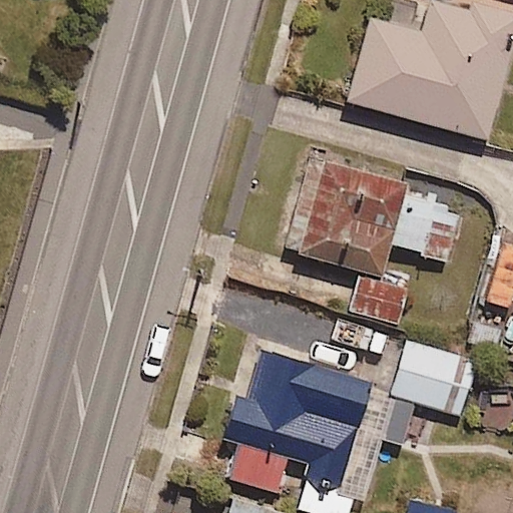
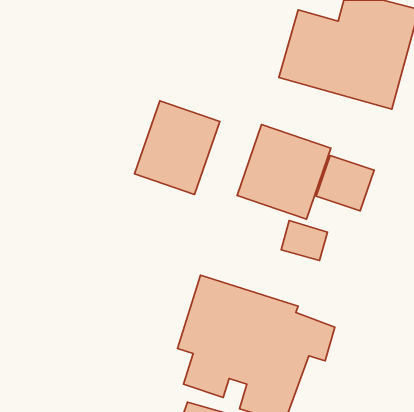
building: none -> [134,101,220,195]
building: [385,340,478,419] -> none

